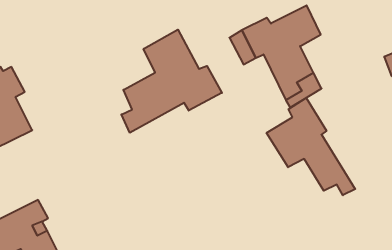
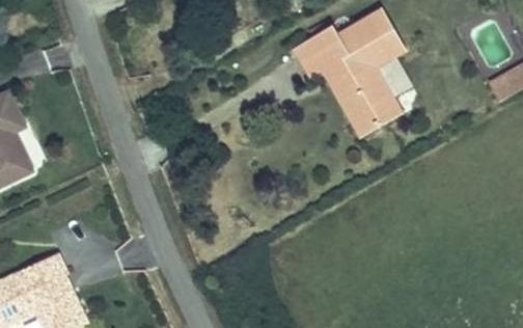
building: [121,30,222,133] -> none
building: [267,98,355,195] -> none

